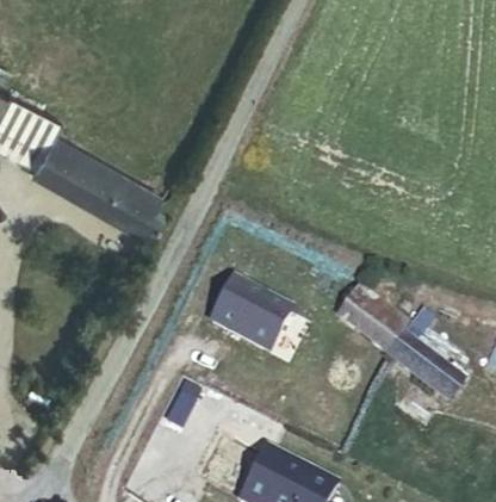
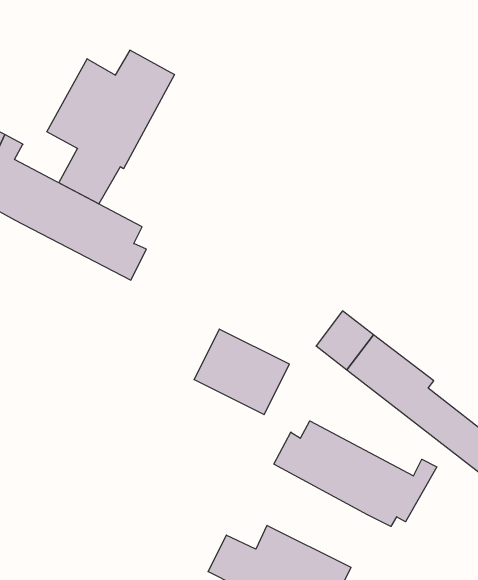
building: none -> [47,50,174,204]
building: none -> [274,421,437,526]

